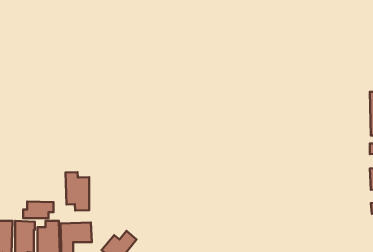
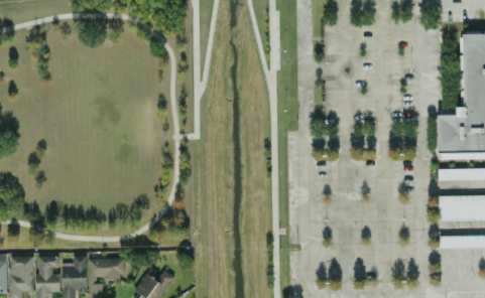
building: [66,172,89,210] -> none
building: [23,201,53,218] -> none

